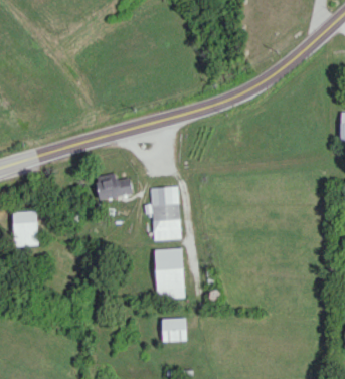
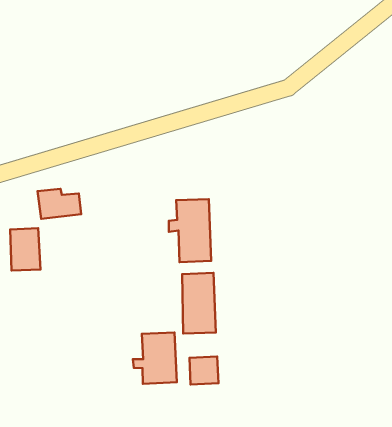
building: [97,174,133,199] -> [38,189,81,219]
building: none -> [133,332,177,384]

